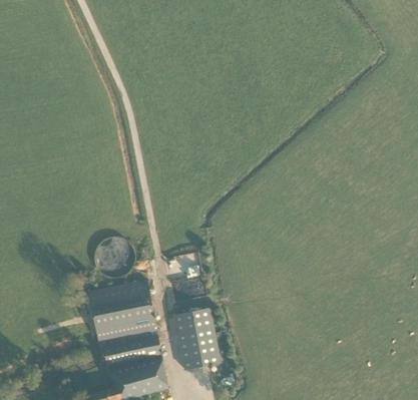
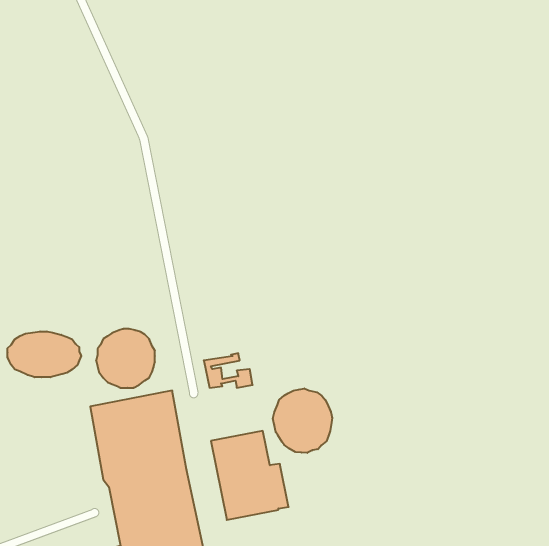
building: none -> [8,331,81,377]
building: none -> [273,388,332,453]

